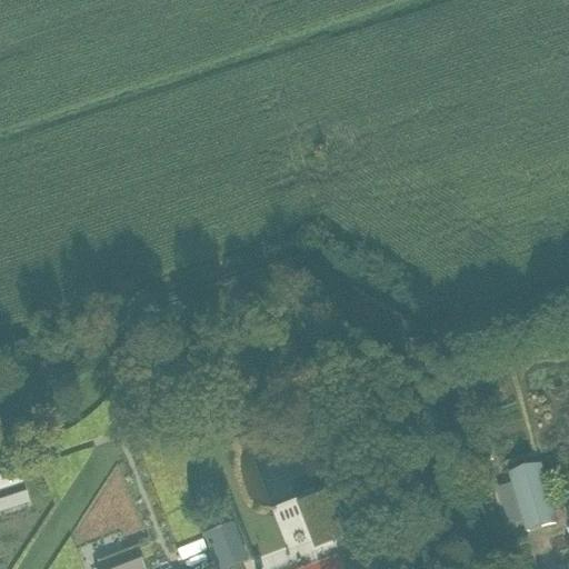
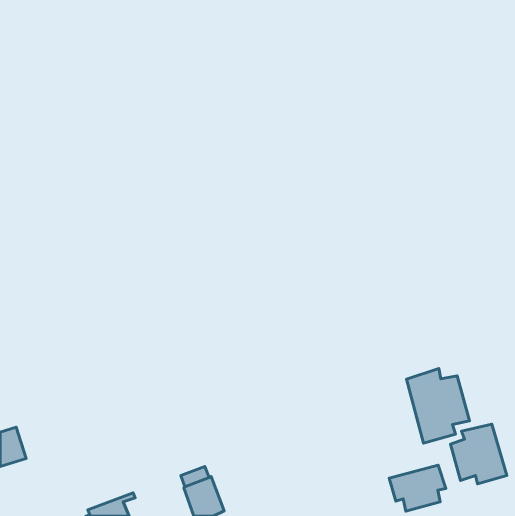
building: none -> [407,369,469,443]
building: none -> [389,465,446,511]

